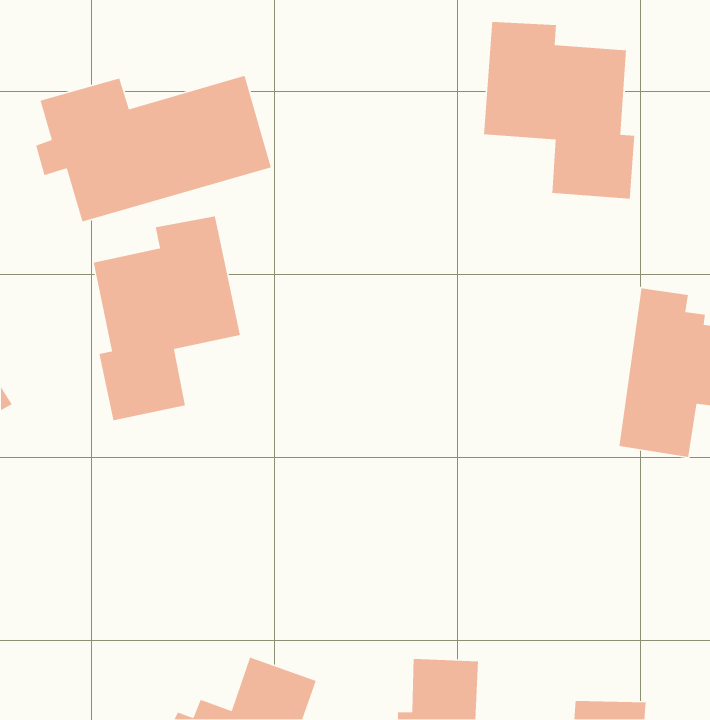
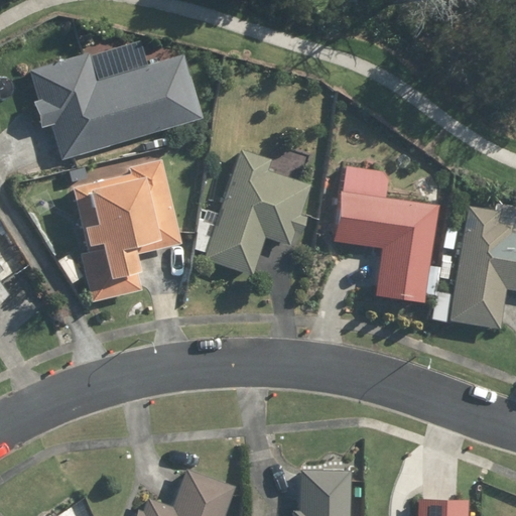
building: [483,21,635,199] -> none
building: none -> [205,151,310,276]
building: none -> [331,163,438,301]

